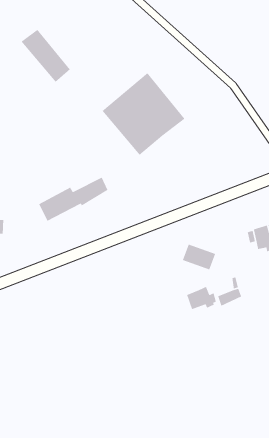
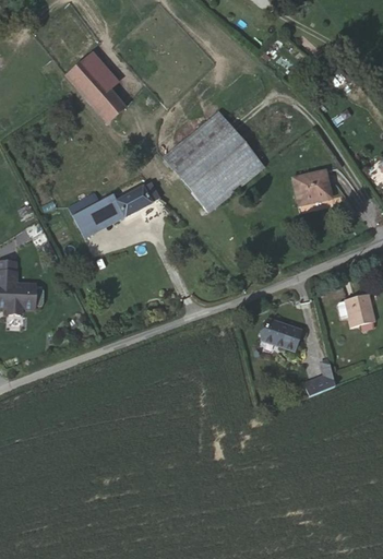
building: none -> [291,169,332,204]
building: [38,177,108,222] -> [73,181,158,236]
building: [186,286,217,310] -> none

